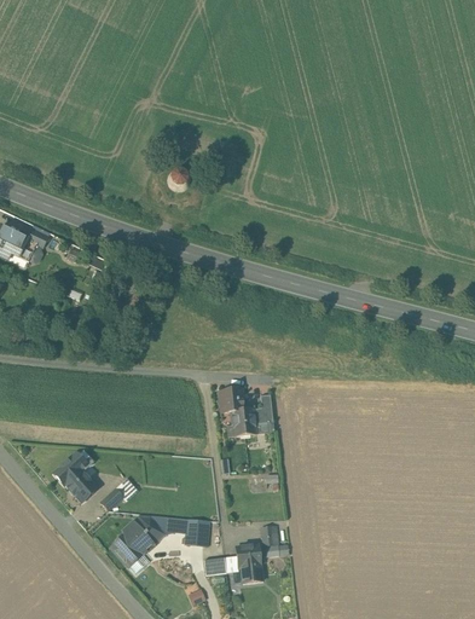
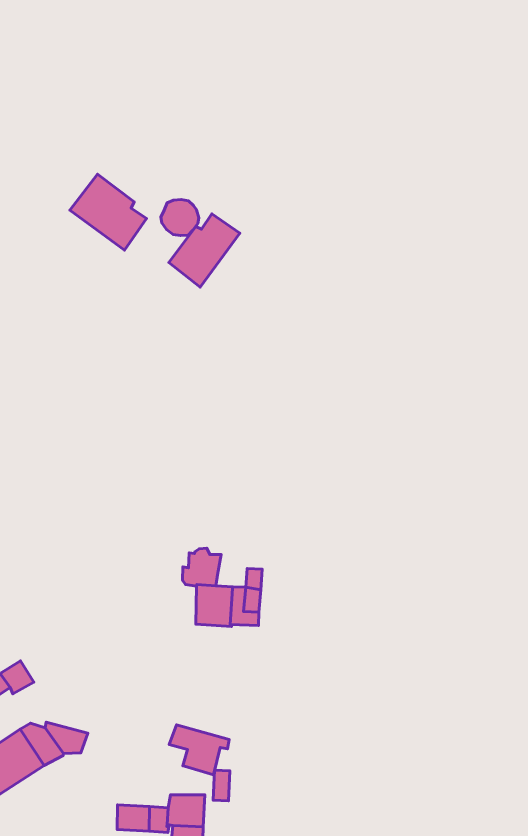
building: none -> [70,174,146,250]
building: none -> [169,214,240,287]
building: [174,517,212,545] -> [169,725,229,775]

